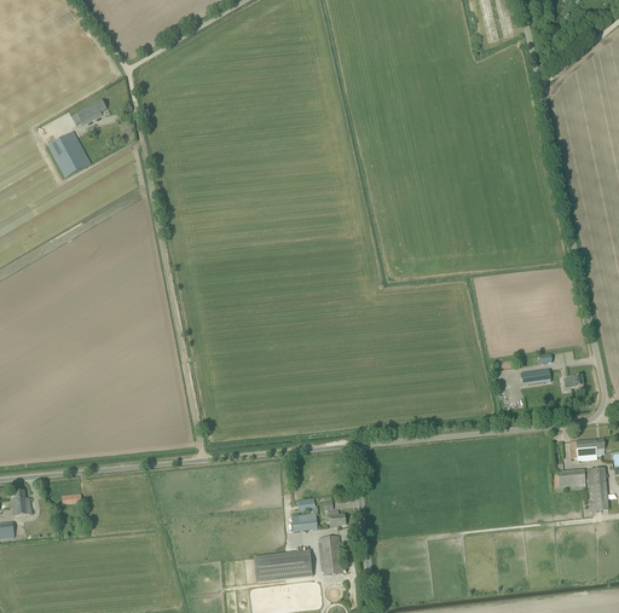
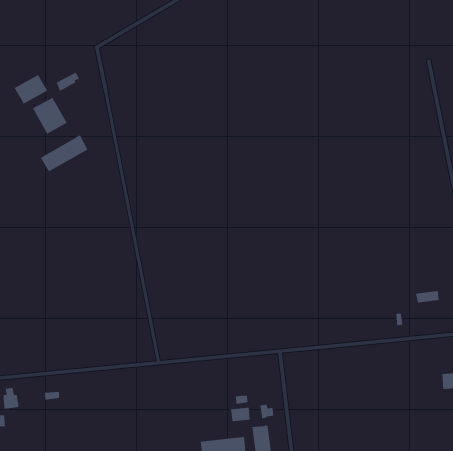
building: none -> [14,74,48,105]
building: none -> [40,135,88,172]

